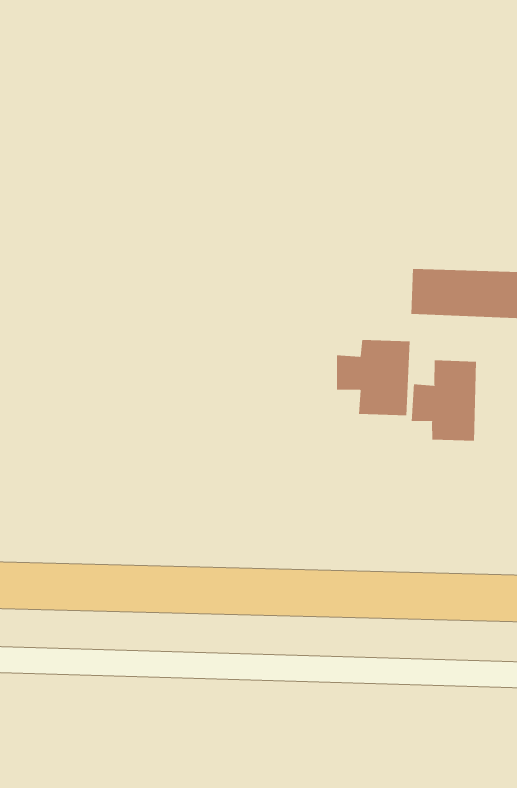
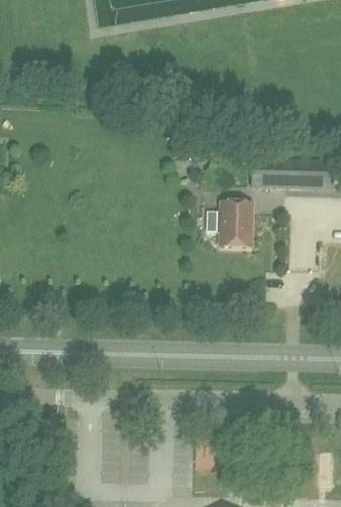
building: [411,360,477,441] -> none

